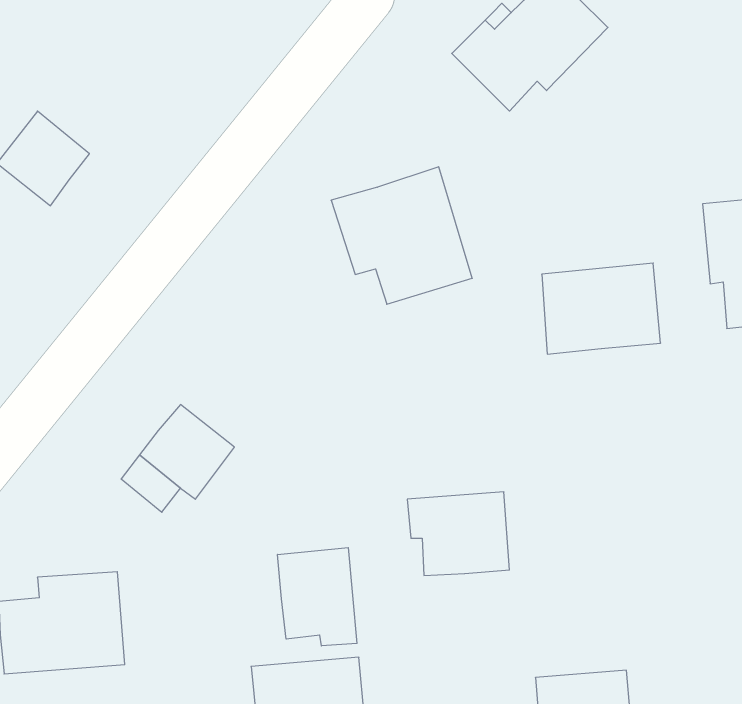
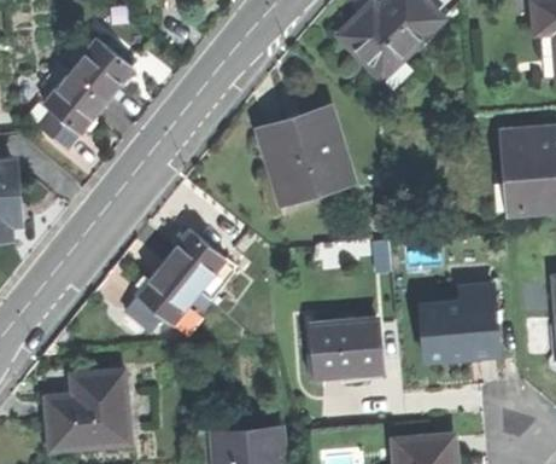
building: none -> [71,41,130,100]
building: [542,263,661,354] -> [422,300,499,359]
building: none -> [164,230,226,291]
building: [278,548,357,646] -> none

